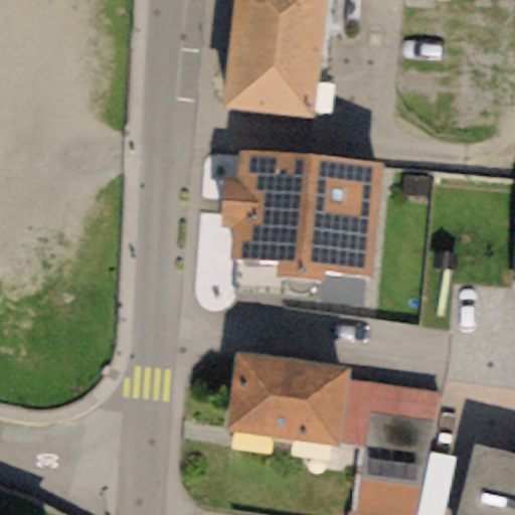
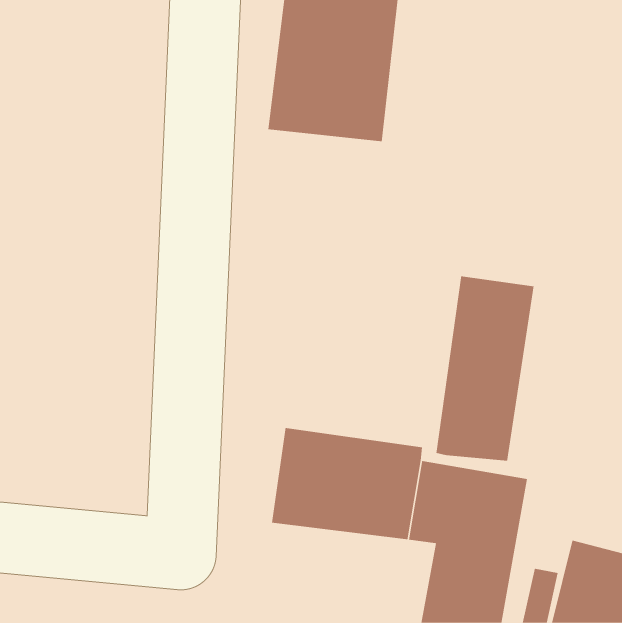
building: [220,149,381,281] -> none
building: none -> [436,276,534,462]

